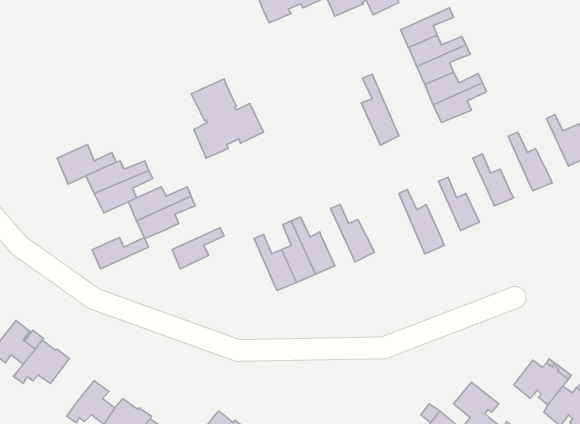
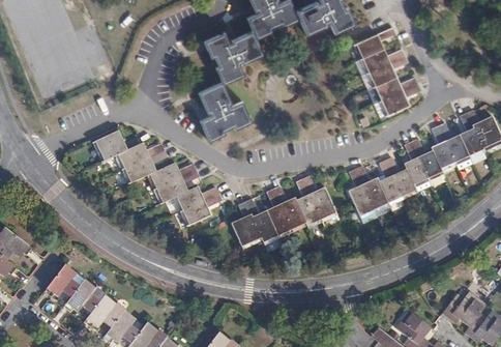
building: none -> [204,29,264,84]
building: [361,74,400,145] -> [347,168,376,222]
building: none -> [459,111,483,154]
building: none -> [431,124,454,168]
building: none -> [404,141,431,190]
building: none -> [376,158,402,202]
building: none -> [296,179,322,226]
building: [92,238,148,269] -> [177,186,219,210]
building: none -> [231,202,261,245]
building: none -> [84,294,125,326]

